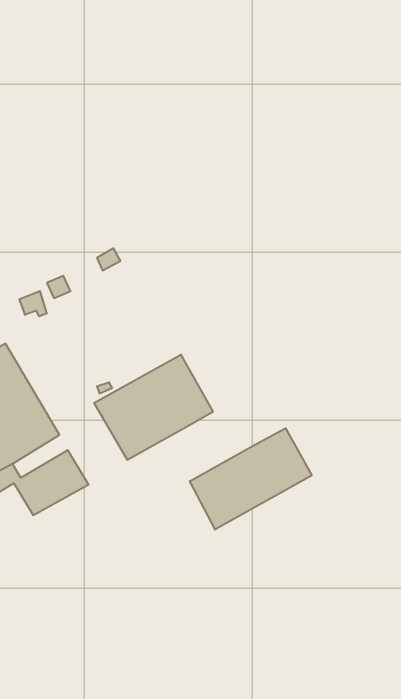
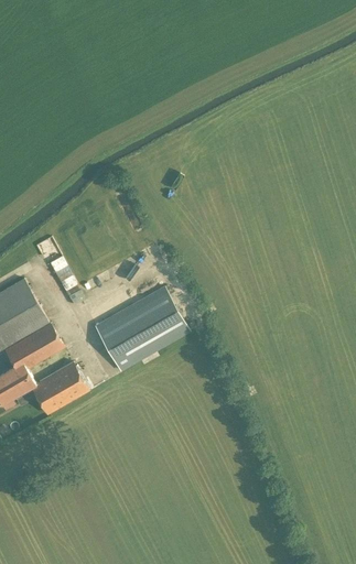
building: [190,428,312,530] -> none

